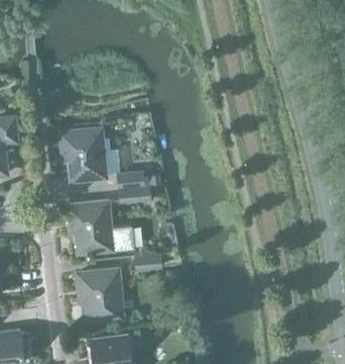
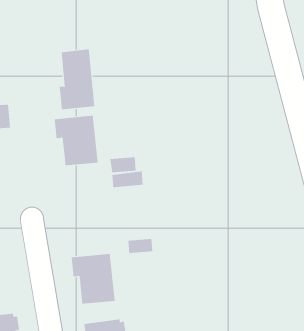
building: none -> [59,49,95,110]
building: [67,201,133,255] -> none

